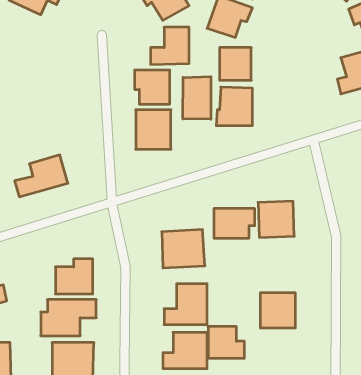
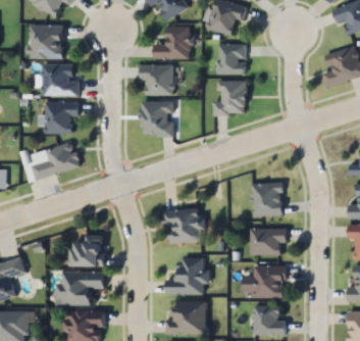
building: none -> [29,25,66,58]
building: none -> [42,63,78,95]
building: [183,77,211,119] -> none
building: none -> [44,101,80,133]
building: [214,209,255,238] -> [250,228,287,254]
building: [208,327,244,358] -> [254,306,287,335]

